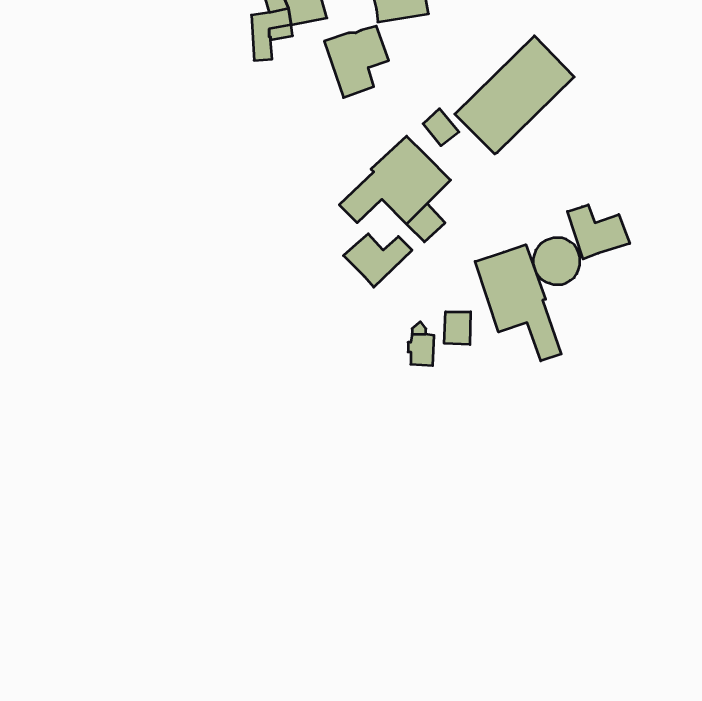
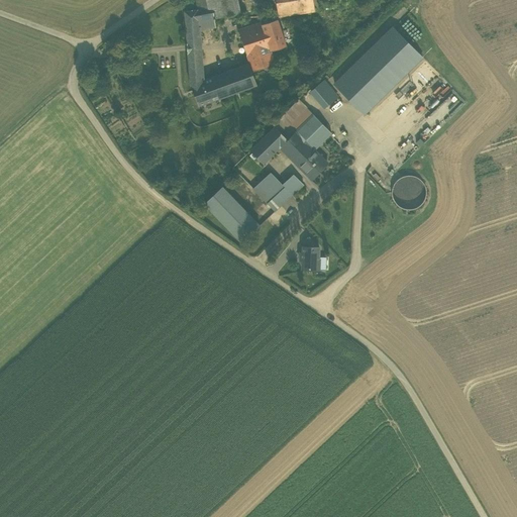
building: none -> [188,50,256,106]
building: [567,205,630,259] -> none
building: [475,245,561,361] -> none
building: none -> [205,187,260,241]
building: [444,312,471,345] -> none

